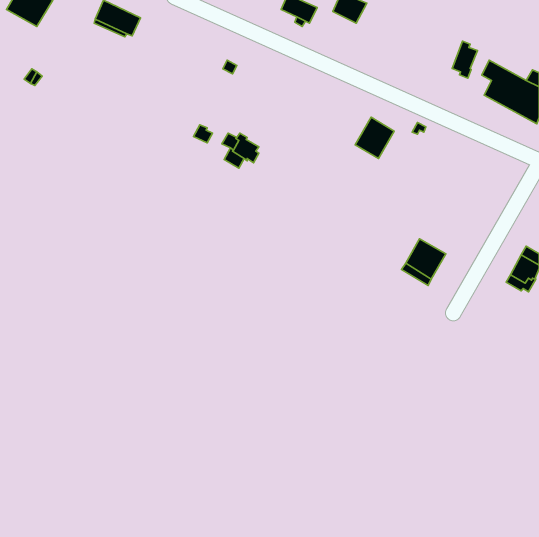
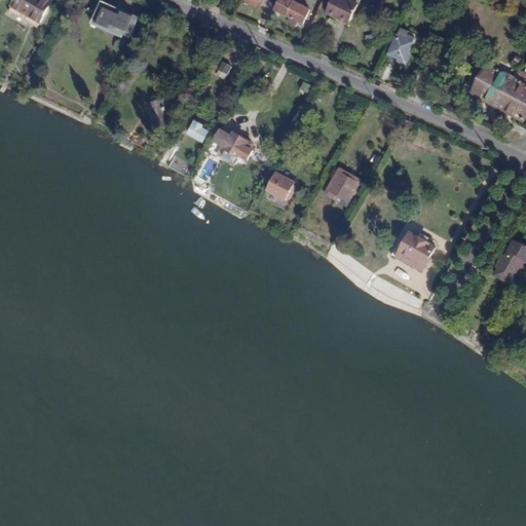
building: [452,41,477,78] -> [389,27,414,63]
building: none -> [148,99,166,127]
building: [355,117,394,159] -> [323,165,361,205]
building: none -> [262,170,297,206]

